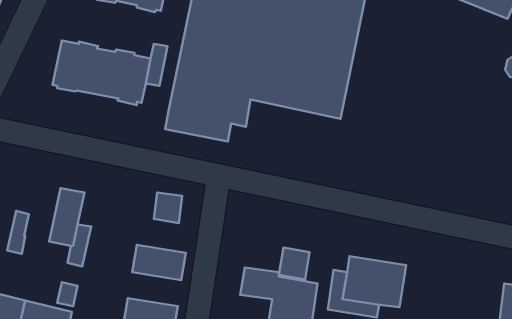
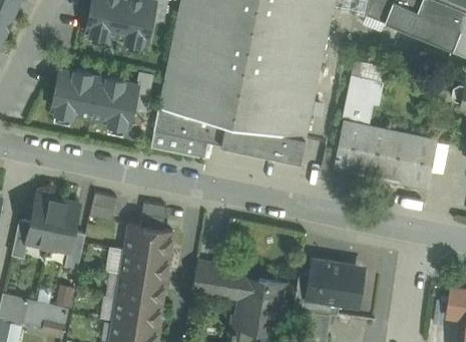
building: none -> [333,64,438,189]
building: none -> [221,121,306,162]
building: none -> [89,193,116,222]
building: none -> [26,195,58,247]
building: none -> [125,225,172,257]
building: [279,248,310,279] -> [193,266,220,294]
building: none -> [117,274,164,304]

